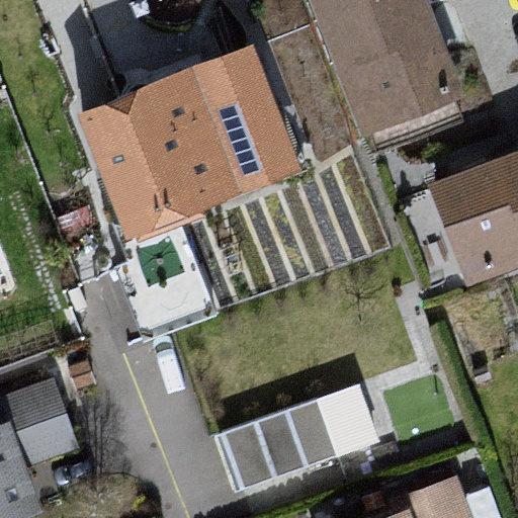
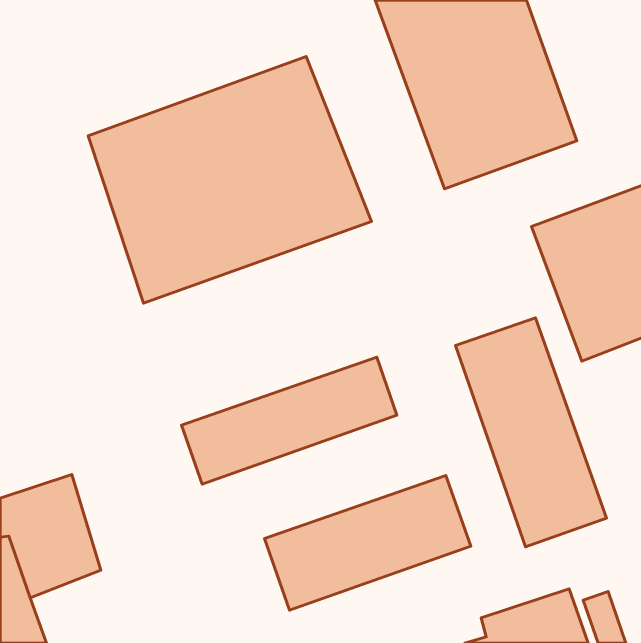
building: none -> [455,318,607,547]
building: none -> [182,357,397,484]

